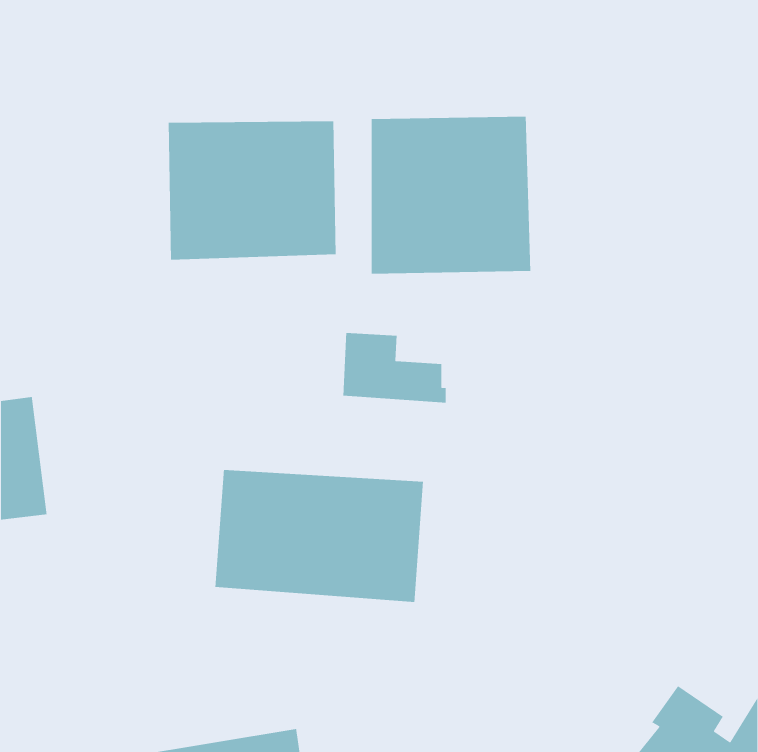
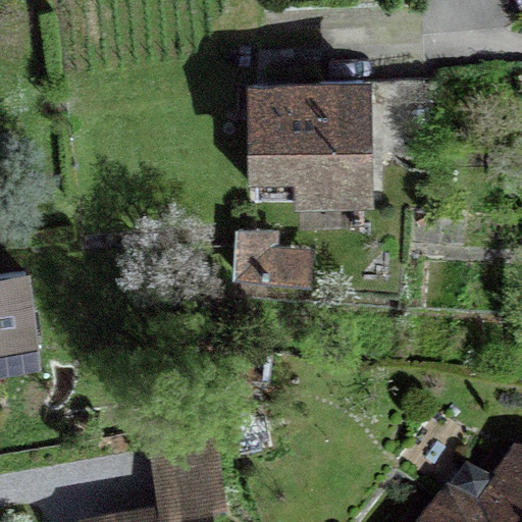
building: [168,120,337,261] -> none
building: [214,469,424,603] -> none

